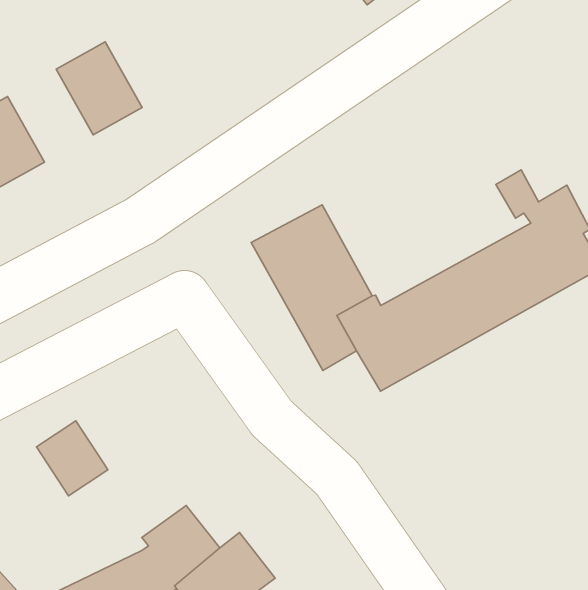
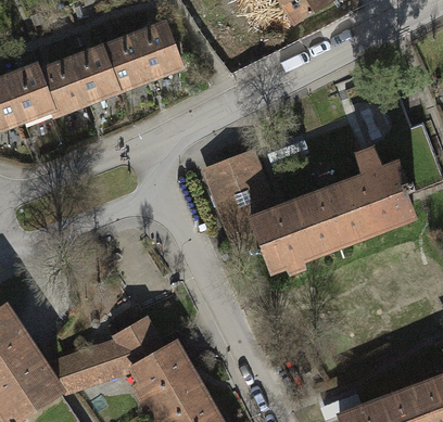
building: none -> [135,24,182,78]
building: none -> [72,48,119,102]
building: [37,421,108,496] -> none

